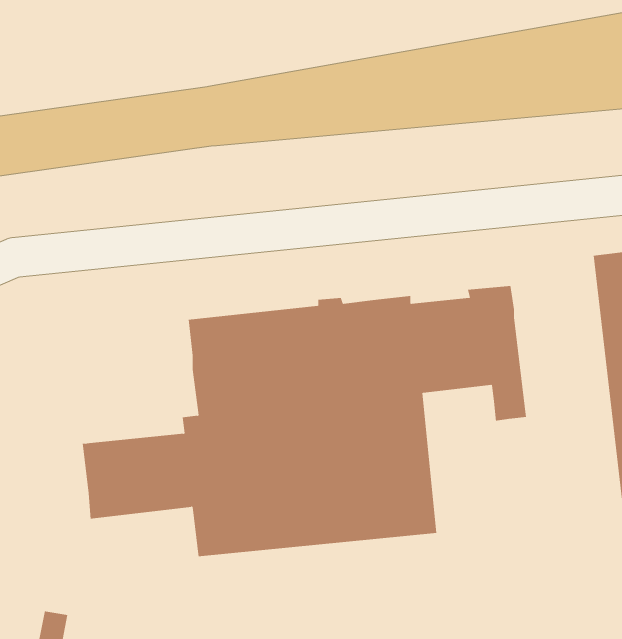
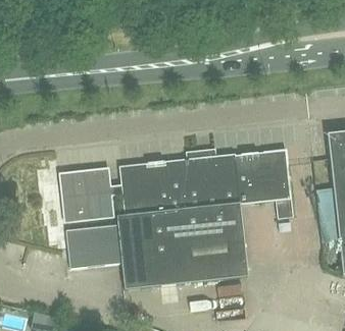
building: none -> [58,167,121,221]

